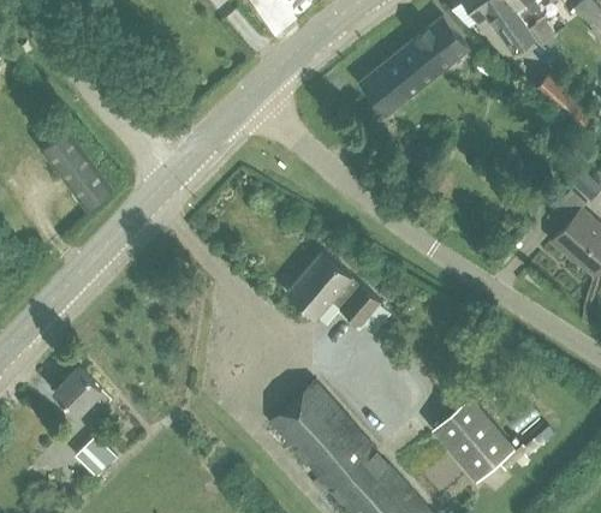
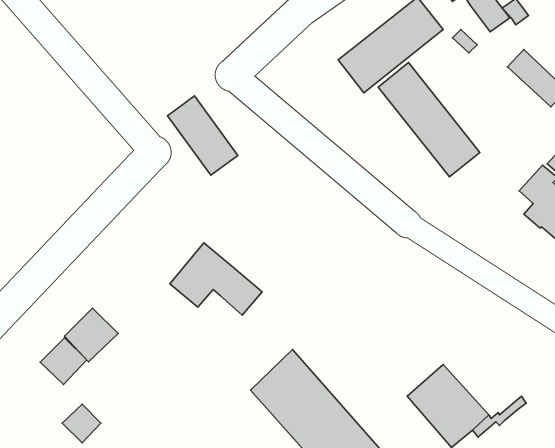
building: none -> [378,63,480,177]
building: [42,129,114,210] -> [168,96,238,175]
building: [288,252,383,327] -> [170,243,262,315]
building: none -> [64,308,118,362]

